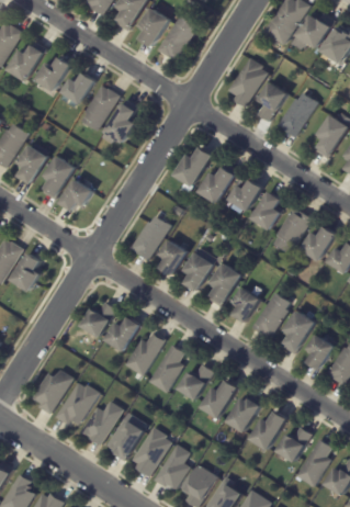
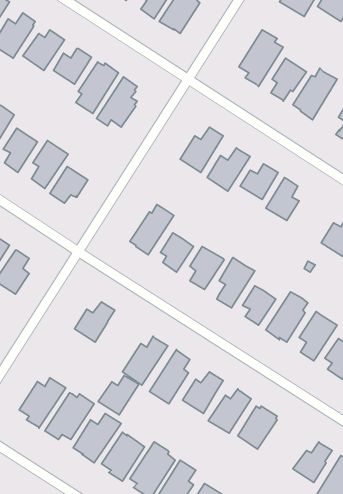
building: [274,206,313,252] -> none
building: [105,316,142,351] -> [98,376,139,415]
building: [250,410,289,450] -> none

